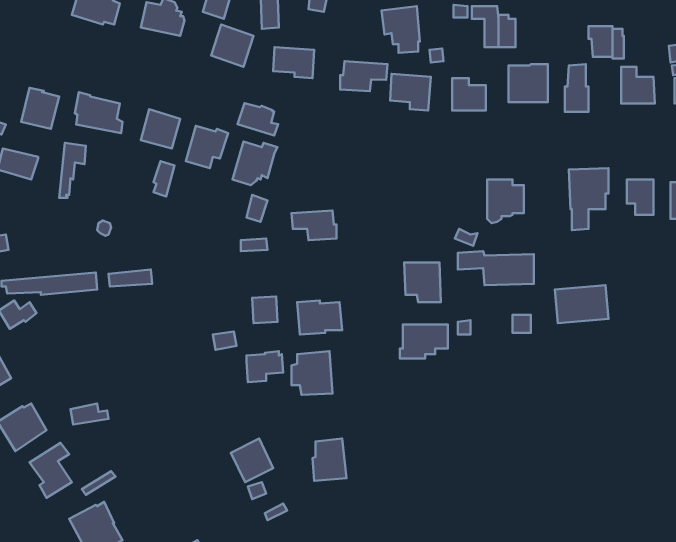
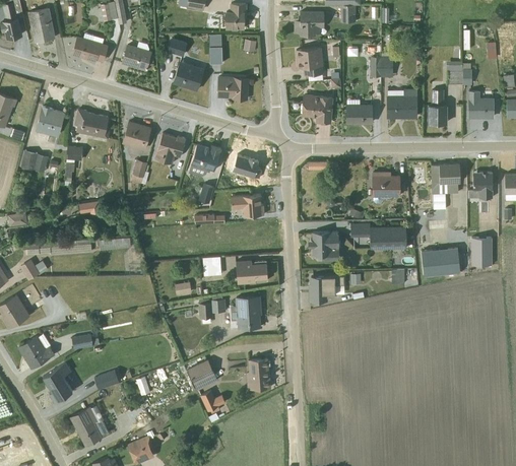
building: [340,61,388,91] -> none
building: [237,103,278,135] -> [233,155,262,179]
building: none -> [471,238,492,265]

